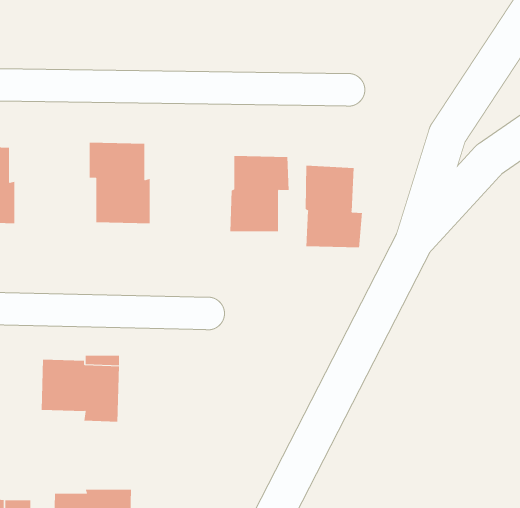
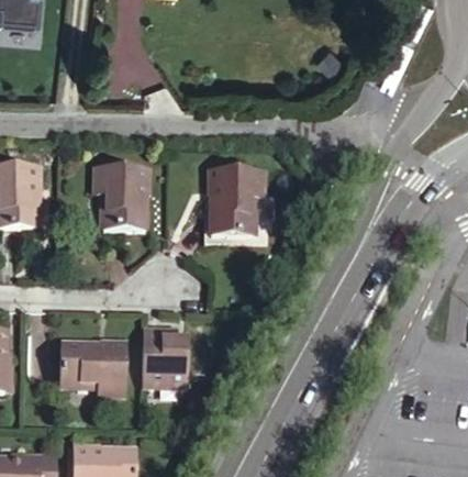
building: [305,165,362,248] -> none
building: none -> [140,328,187,388]

